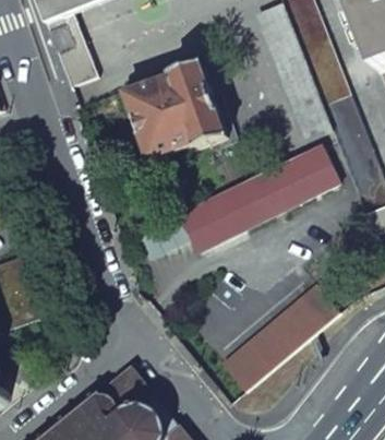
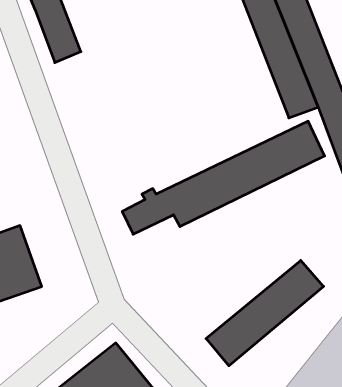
building: [121,61,224,160] -> none

